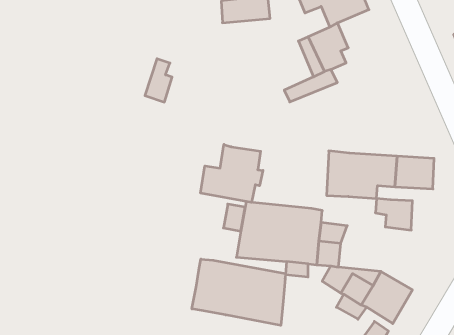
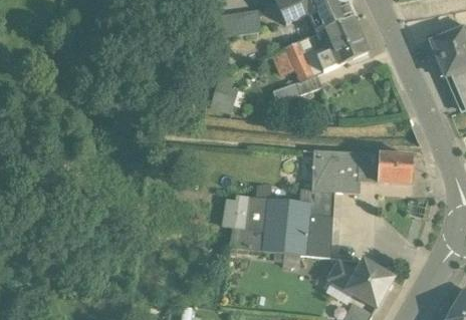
building: none -> [322,18,367,67]
building: [145,59,172,102] -> [211,72,236,112]
building: [201,144,263,202] -> none
building: [375,199,412,230] -> [298,189,332,218]
building: [192,259,285,325] -> none

